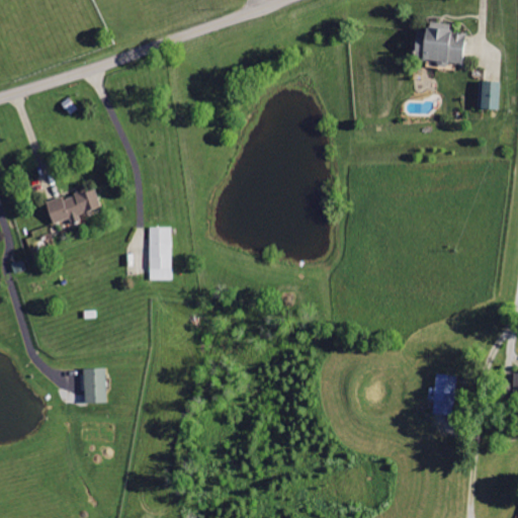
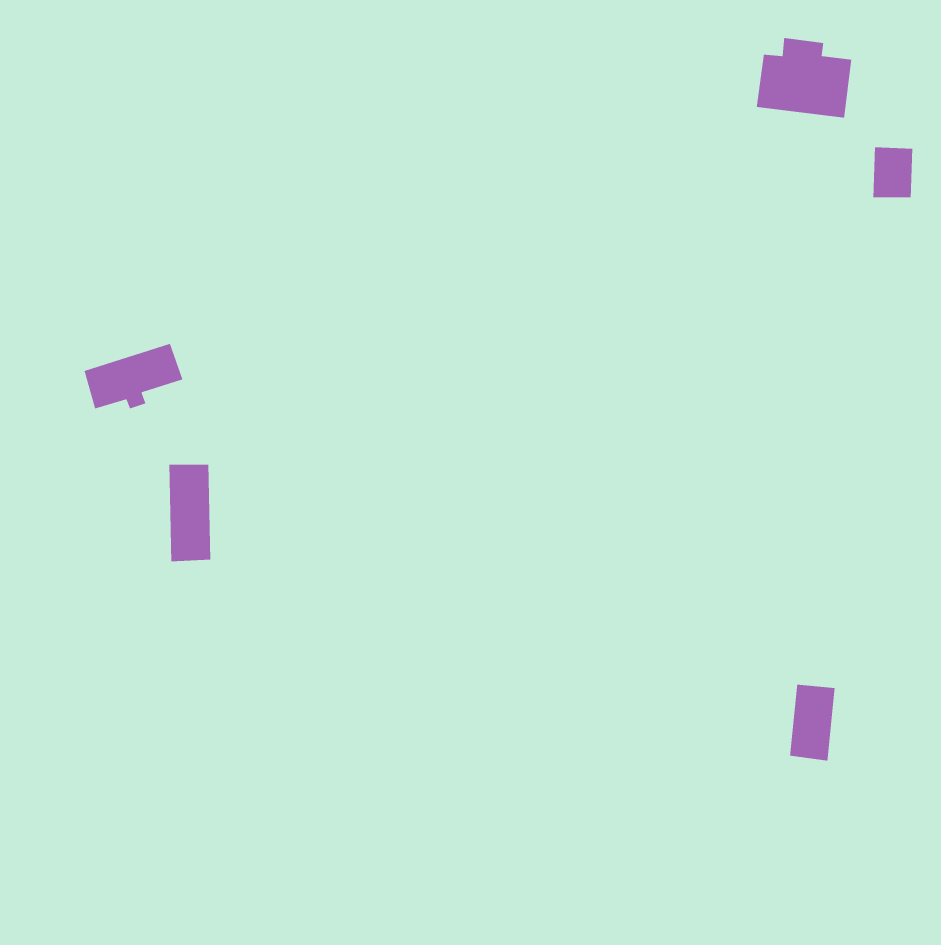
building: [148,228,171,281] -> [169,464,211,562]
building: [84,368,106,404] -> none

